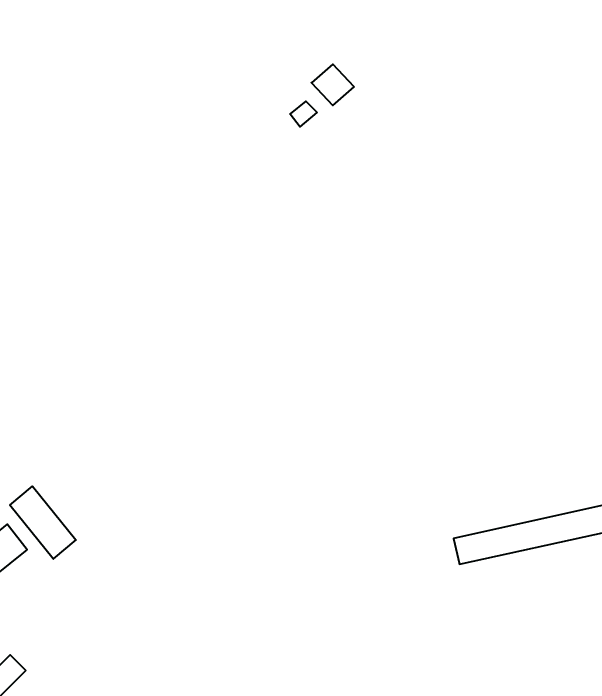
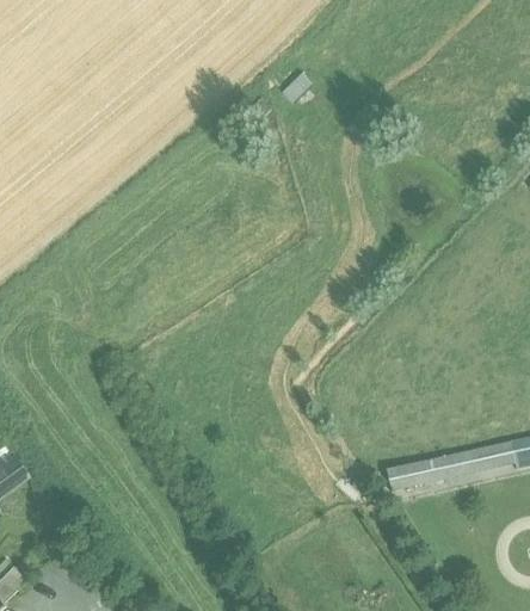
building: [10,486,76,559] -> none

